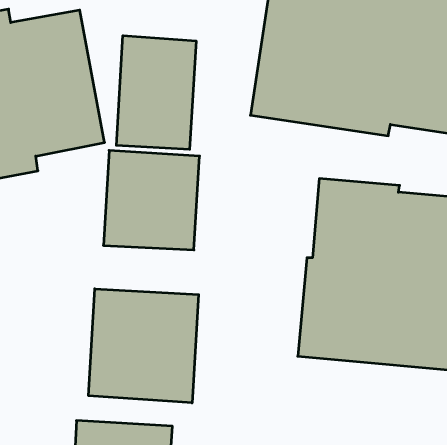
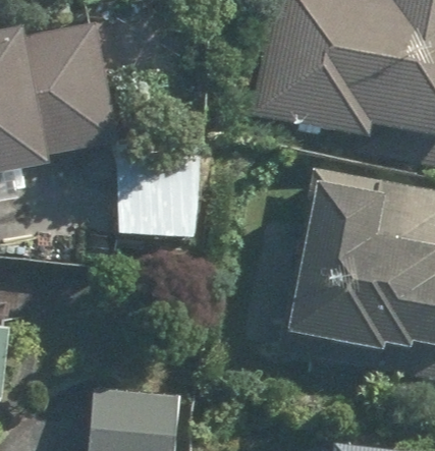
building: [116,36,196,149] -> none
building: [89,289,199,403] -> none

